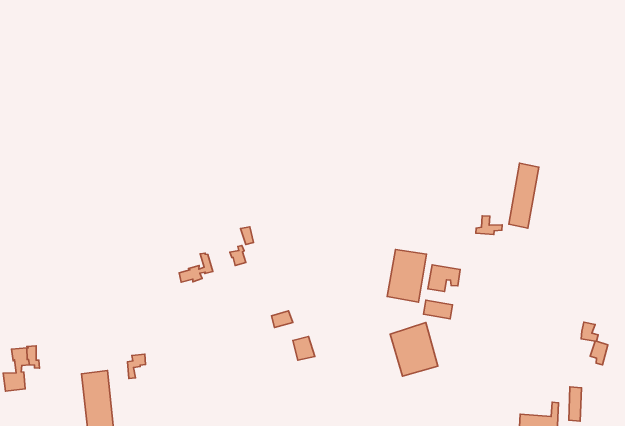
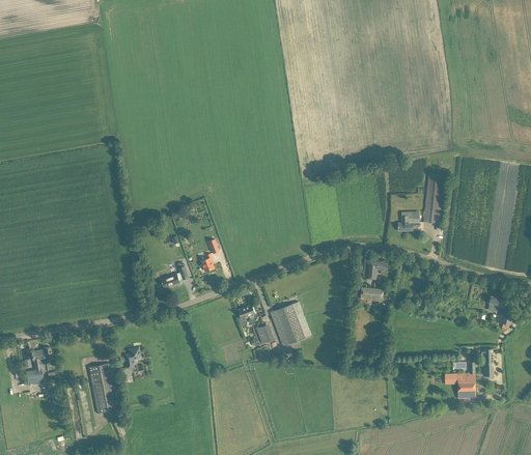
building: [387,249,427,302] -> none
building: [390,323,438,376] -> [270,301,310,345]

